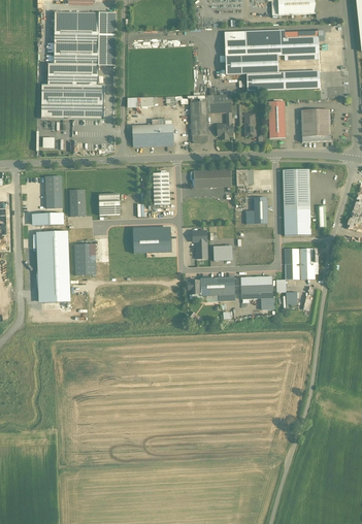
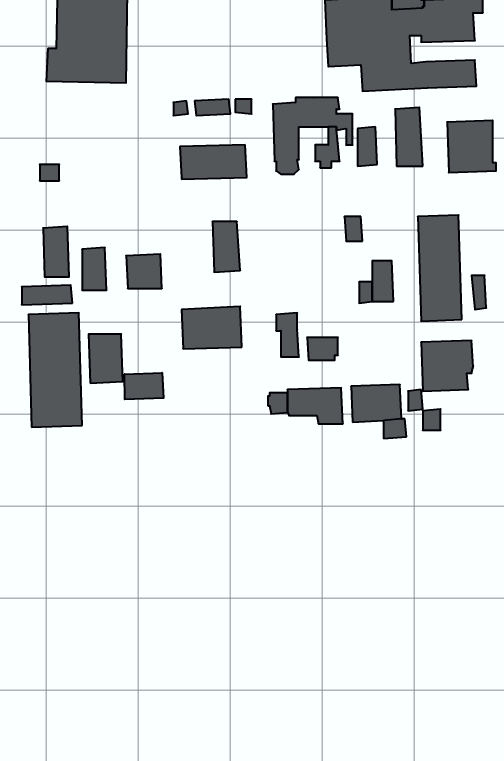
building: [41,84,104,117] -> none
building: [190,169,231,187] -> none
building: none -> [125,373,164,399]

